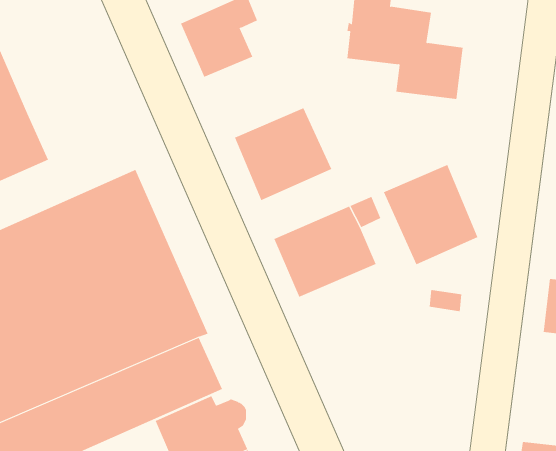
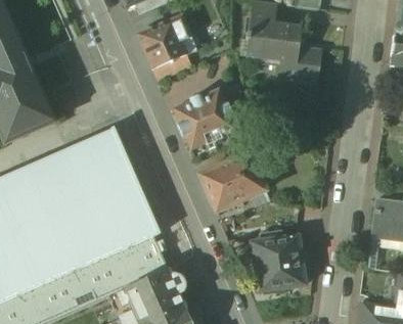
building: [383,164,478,265] -> none
building: none -> [254,234,306,292]

